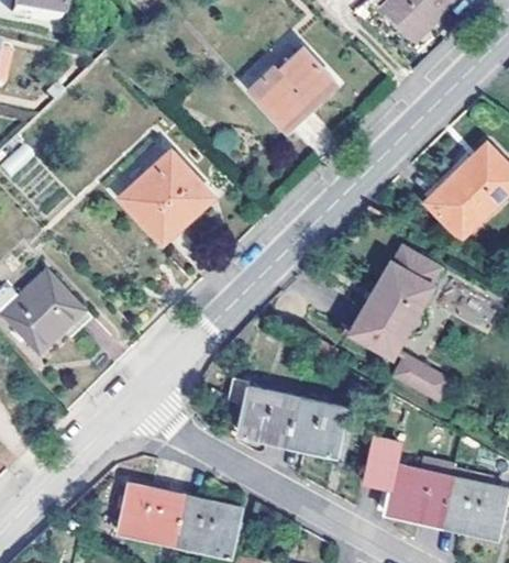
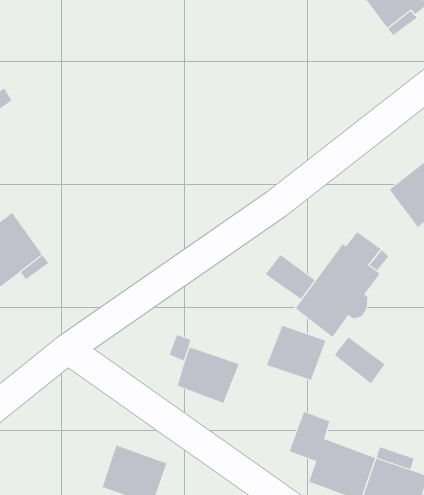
building: [248,46,334,129] -> none
building: [121,150,211,240] -> none
building: none -> [265,254,316,300]
building: [288,397,346,450] -> [266,325,326,381]
building: [115,484,182,541] -> none

